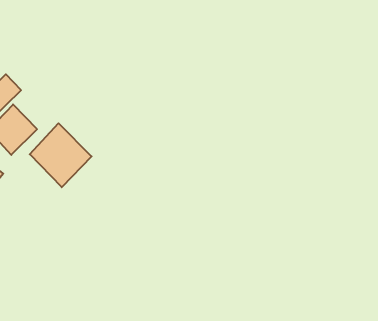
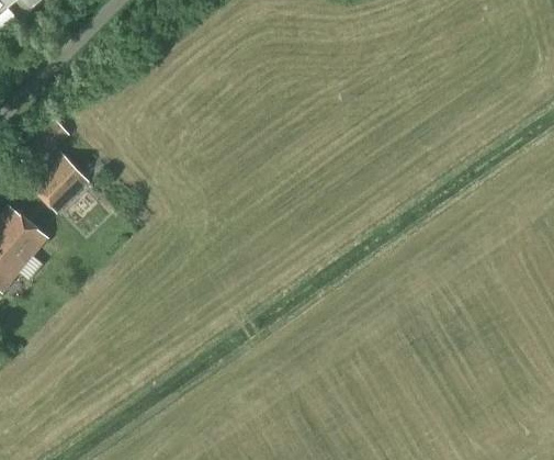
building: [30,123,92,187] -> none

